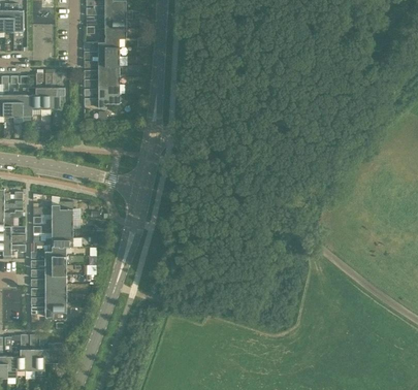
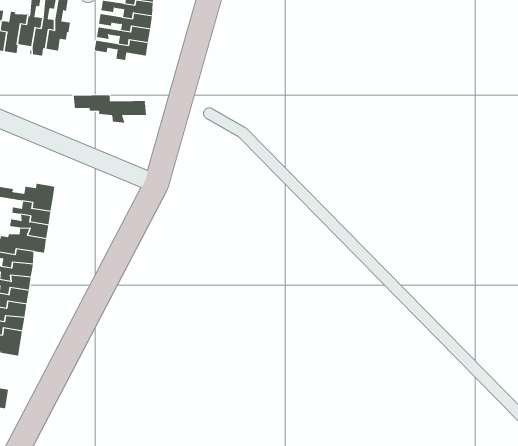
building: none -> [73,95,147,123]

